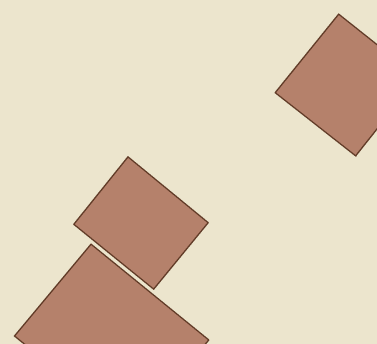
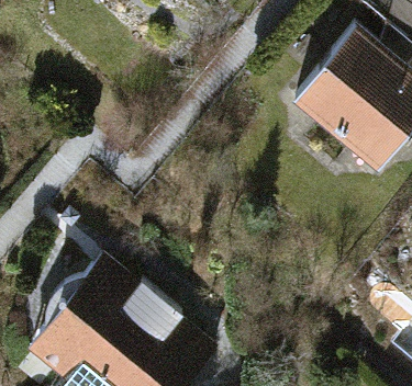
building: [74,157,208,289] -> none

